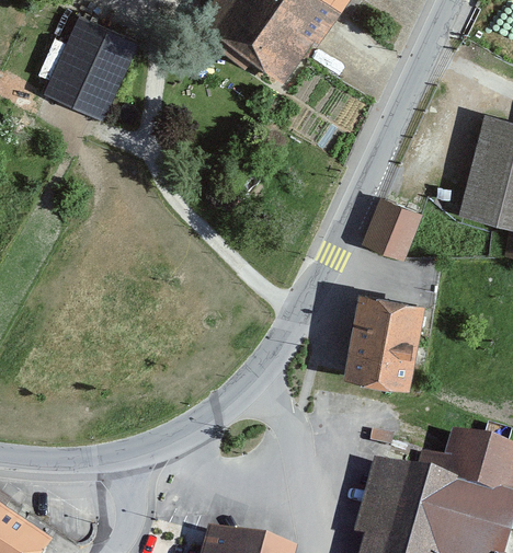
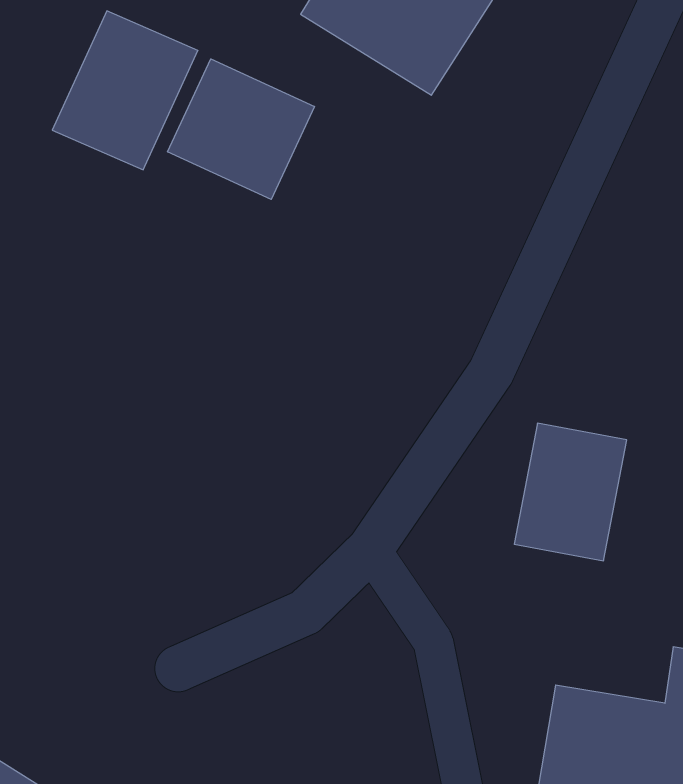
building: none -> [168,59,314,199]
building: [366,196,415,254] -> none

